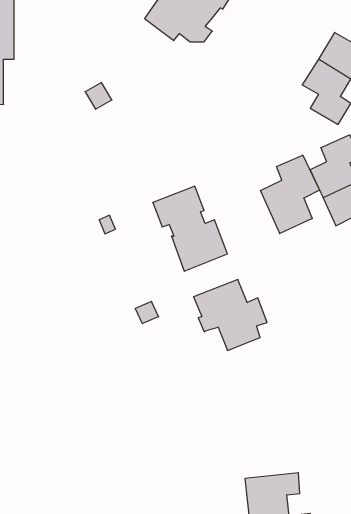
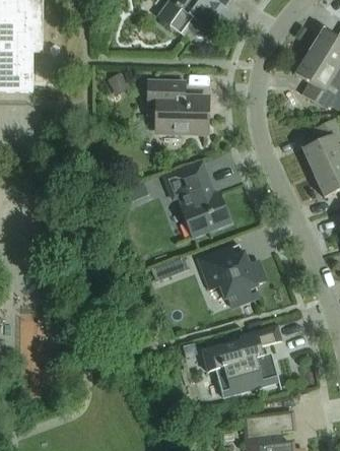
building: none -> [146,80,204,132]
building: [260,155,319,234] -> none
building: none -> [201,324,281,397]

